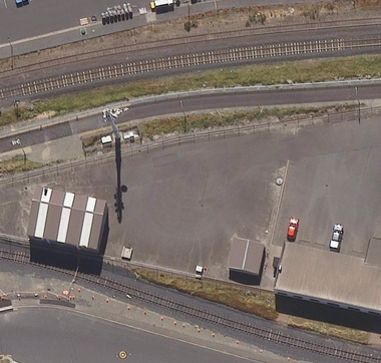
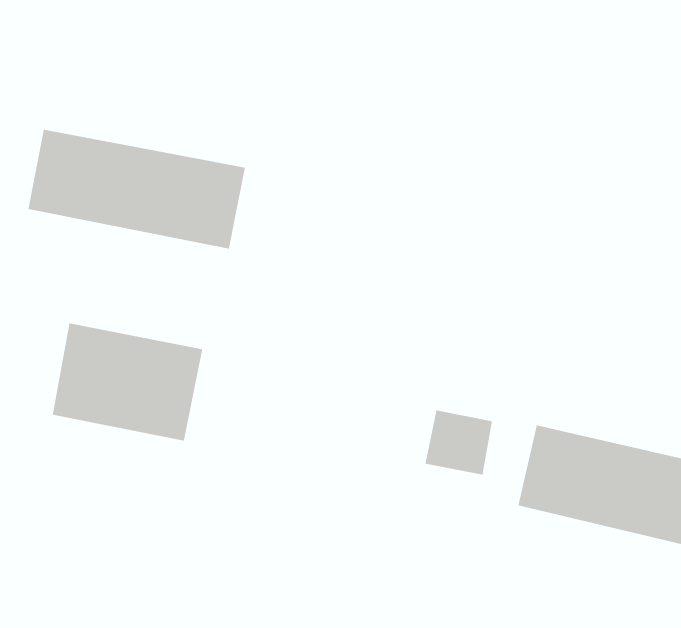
building: none -> [27,129,246,249]

